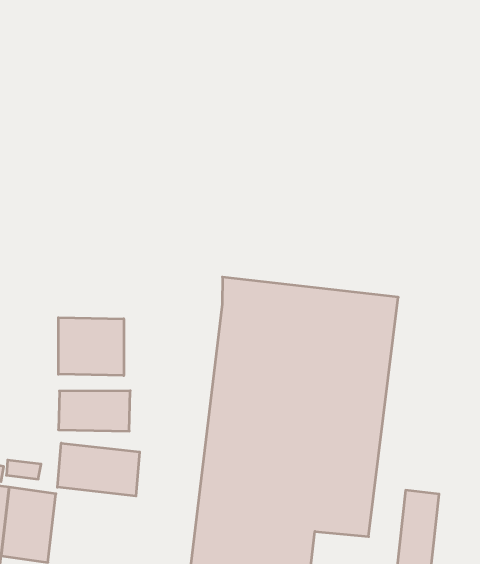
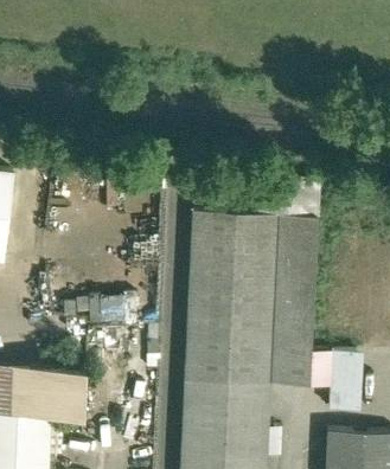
building: [58,318,124,376] -> none
building: [57,443,140,496] -> none

